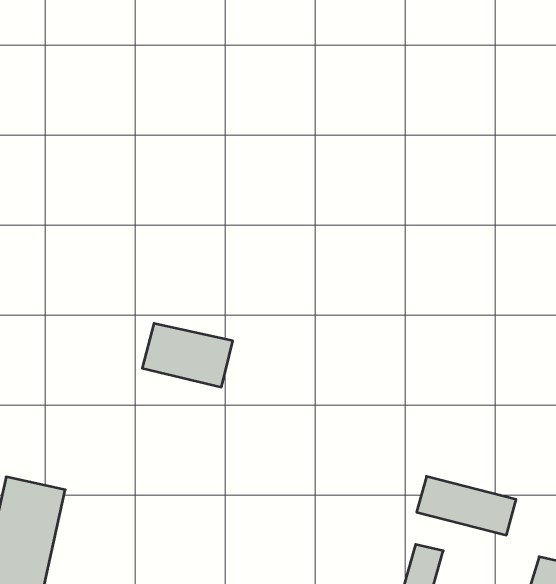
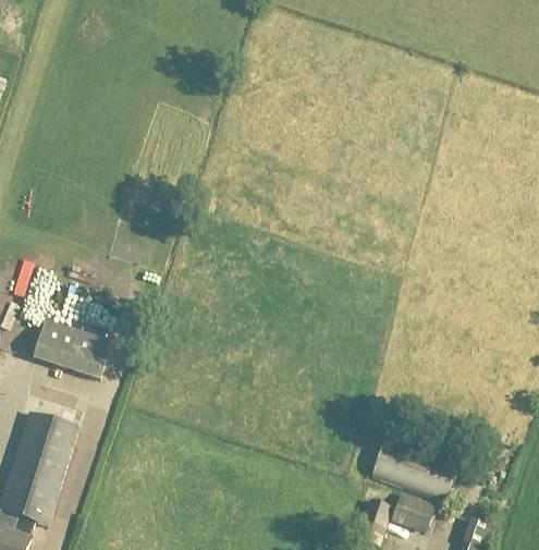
building: [142,323,233,387] -> [34,319,112,378]
building: none -> [393,494,434,530]

